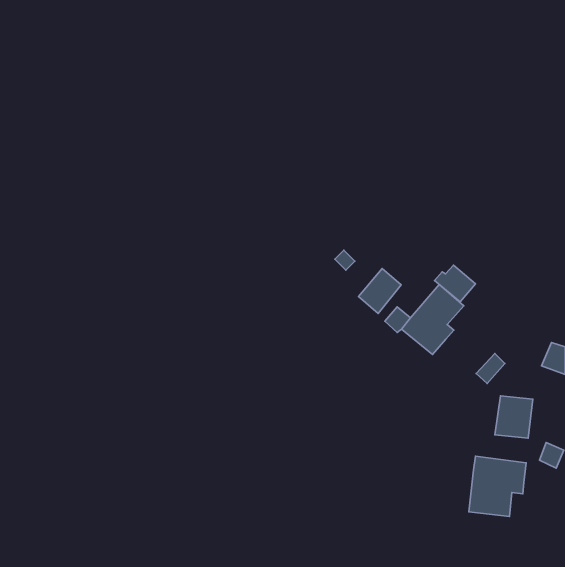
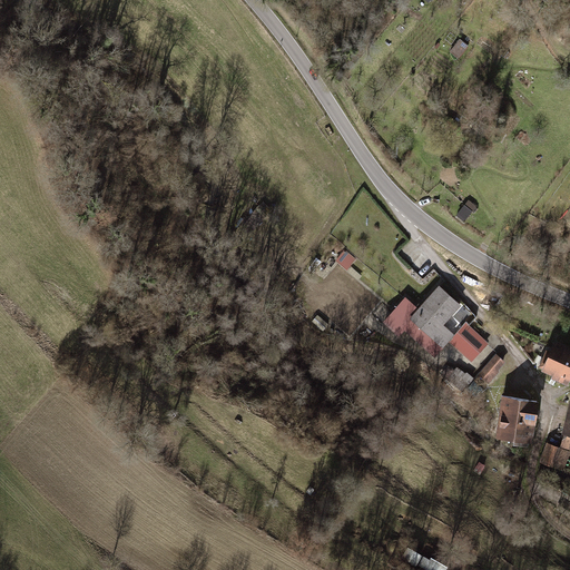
building: [434,265,476,302] -> [446,325,488,362]
building: [359,269,401,314] -> none
building: [469,456,526,517] -> none

